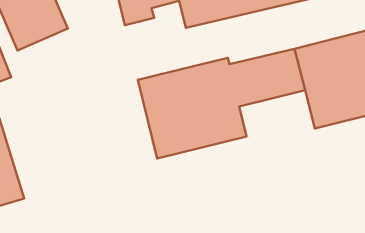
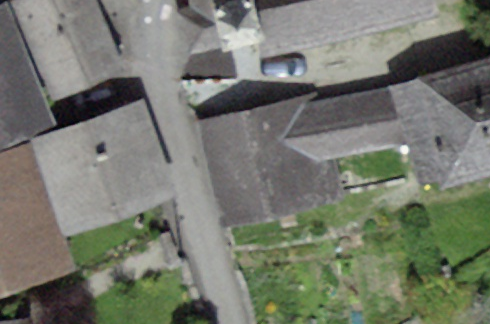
building: none -> [41,106,170,227]

